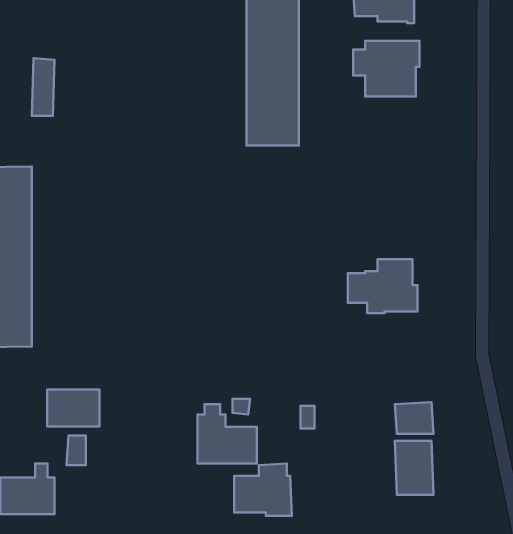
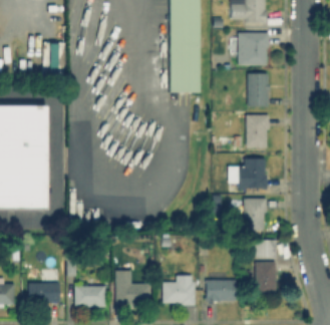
building: none -> [244,73,271,106]
building: none -> [247,114,270,147]
building: none -> [245,198,268,235]
building: [47,390,99,426] -> [76,286,106,307]
building: [197,404,257,464] -> [116,271,150,305]
building: none -> [207,272,238,301]

